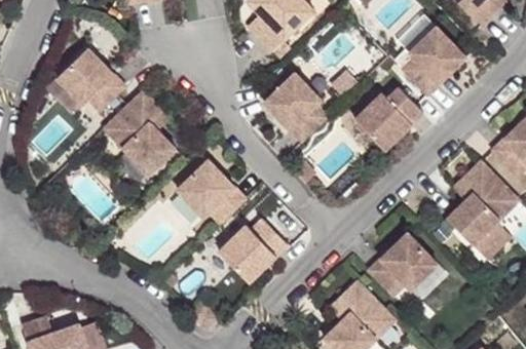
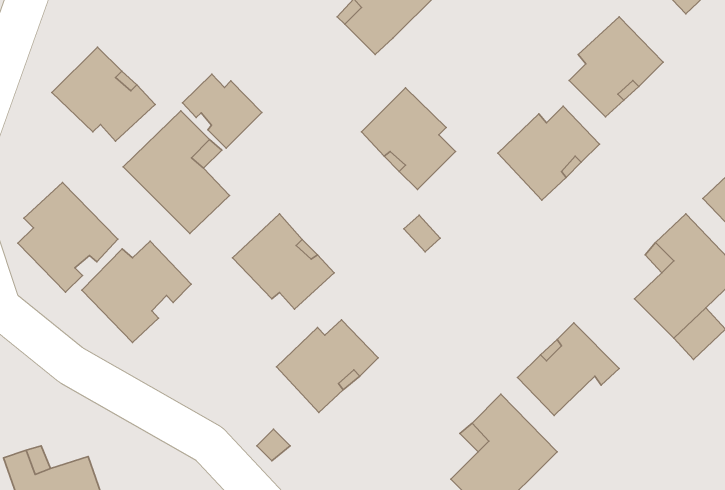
building: none -> [182,74,262,148]
building: none -> [18,182,118,292]
building: none -> [82,241,191,342]

